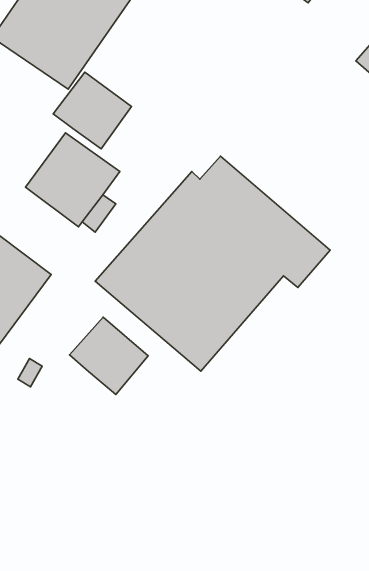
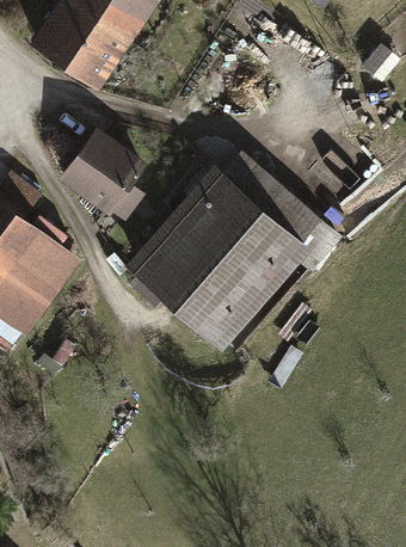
building: [53,72,132,149] -> none
building: [70,317,148,395] -> none

